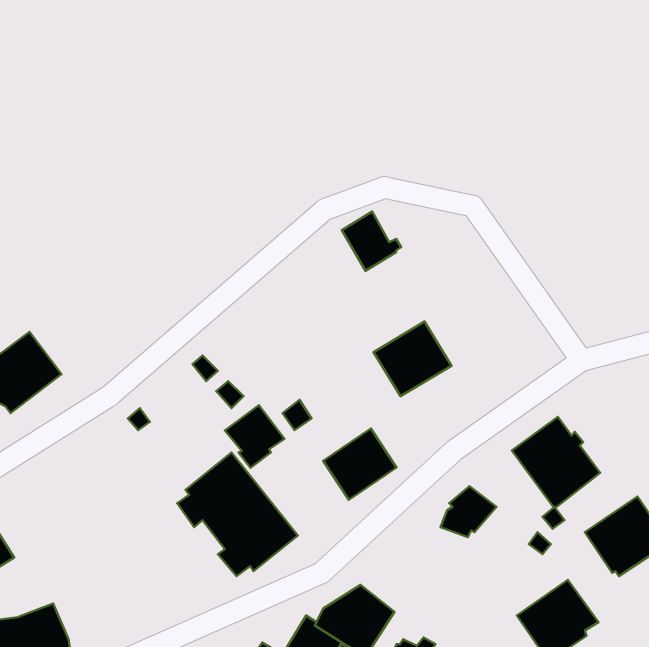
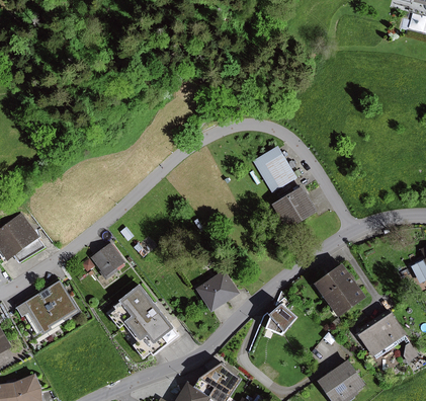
building: [342,212,401,271] -> [266,153,302,188]
building: [373,322,452,396] -> [274,185,321,230]
building: [225,405,284,468] -> [92,242,127,279]
building: none -> [17,279,82,340]

